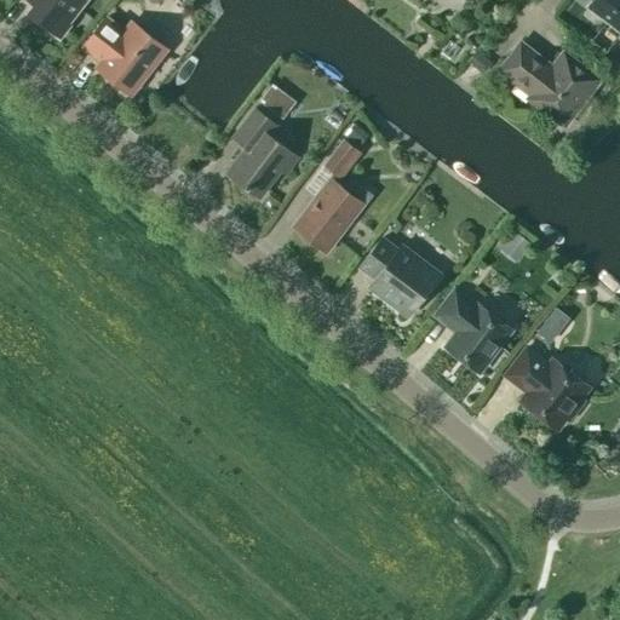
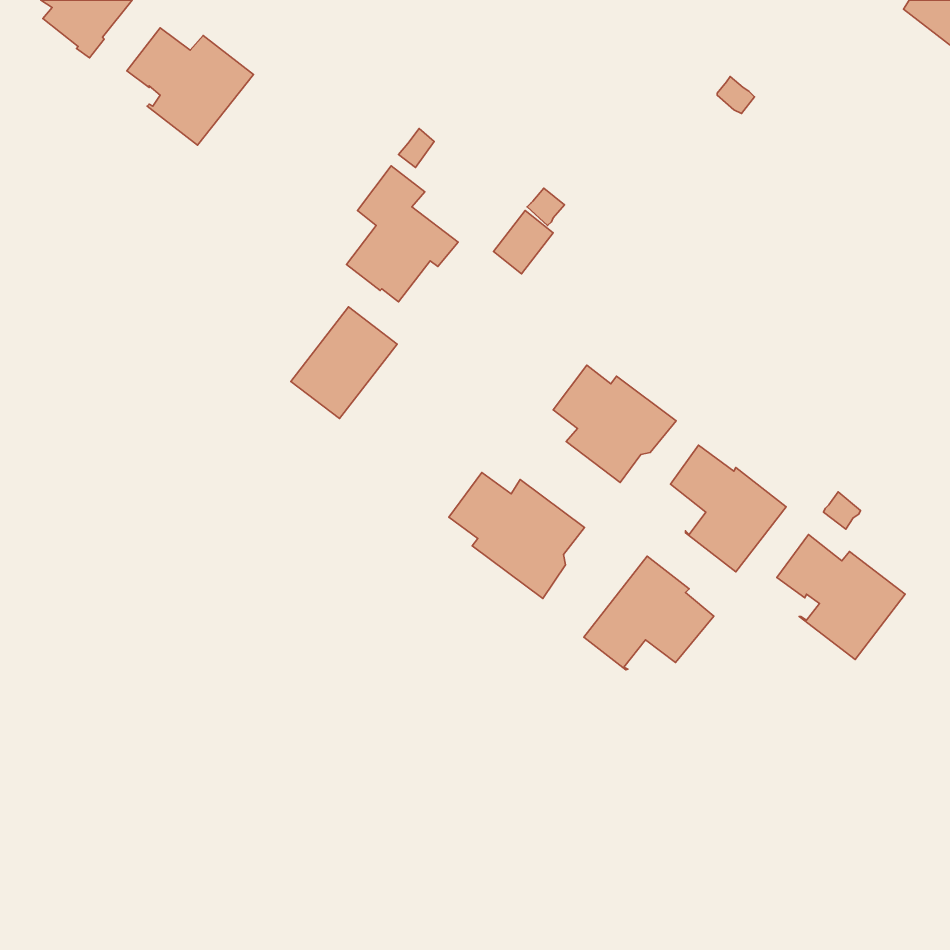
building: [501,45,598,125] -> none
building: [294,180,363,253] -> [291,307,397,419]
building: none -> [449,473,585,599]
building: none -> [584,556,714,670]

